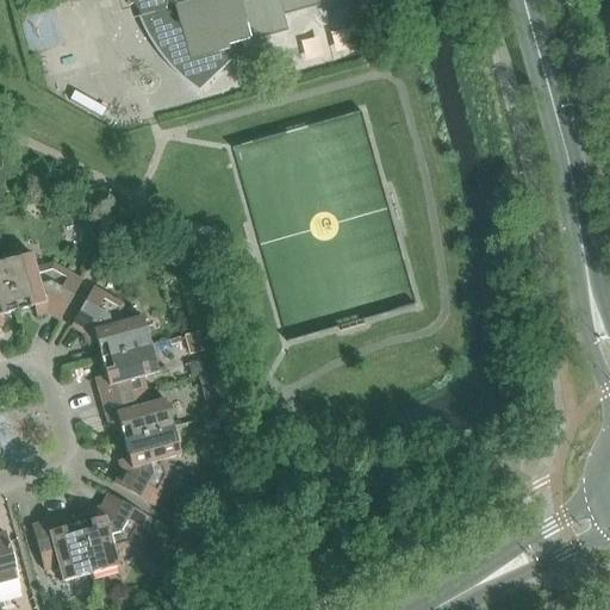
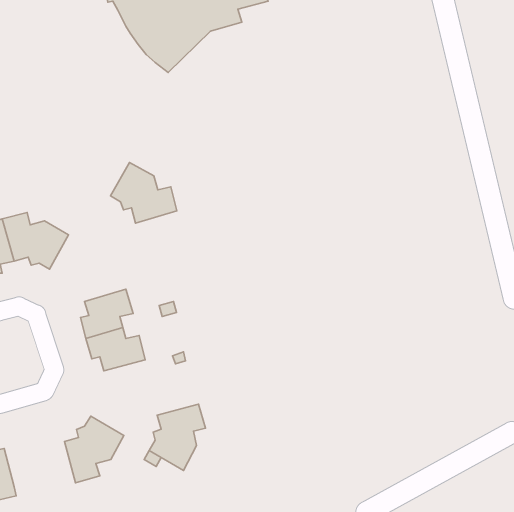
building: [70,285,149,356] -> [110,163,177,223]
building: [113,425,180,504] -> [149,404,206,471]
building: [31,516,89,579] -> none

